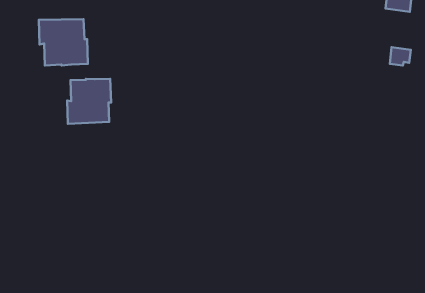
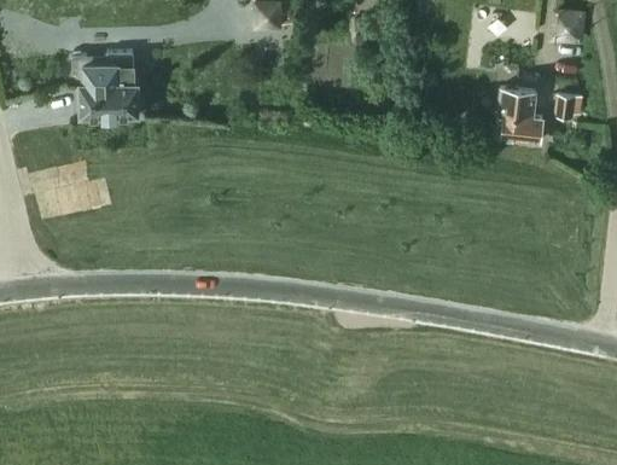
building: none -> [497,85,542,139]
building: [67,79,111,124] -> none

